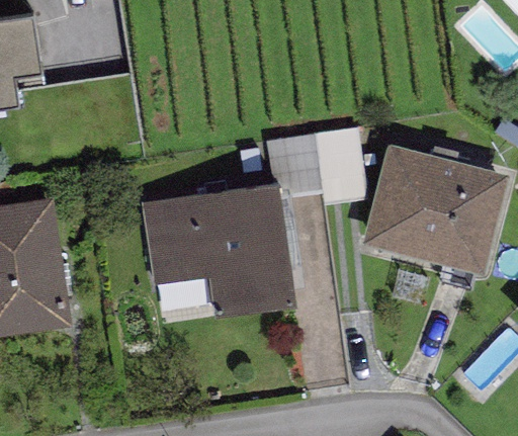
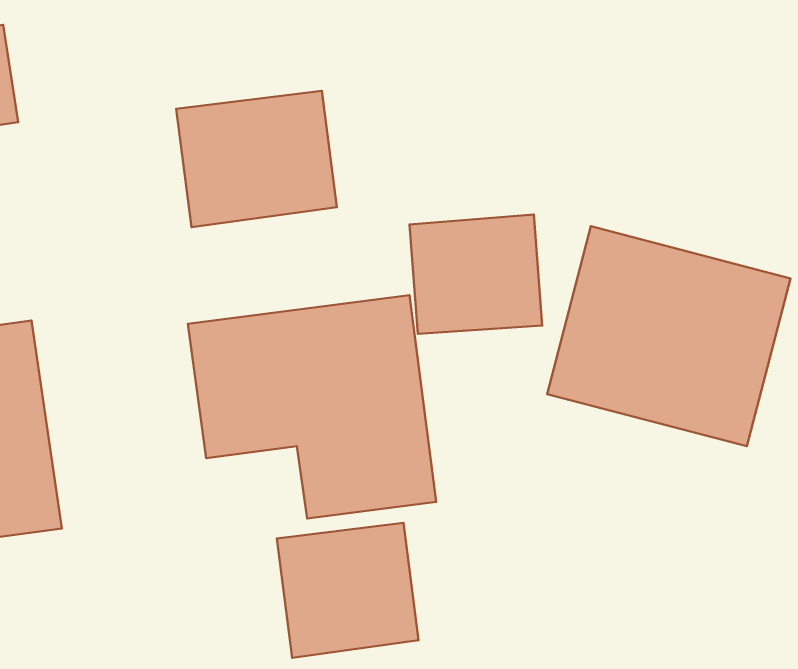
building: none -> [176,91,337,227]
building: none -> [277,523,418,658]

